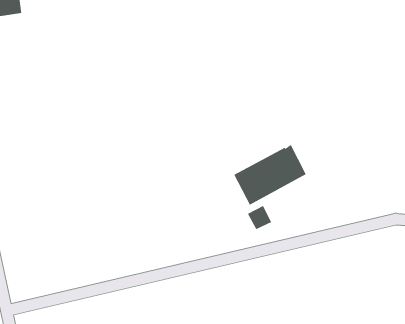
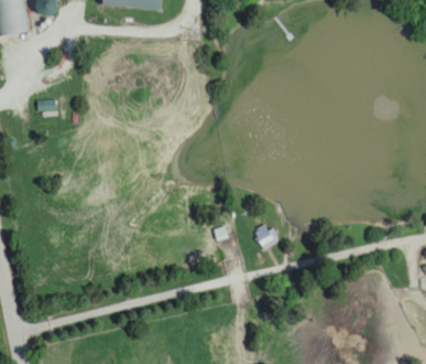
building: [233,144,307,206] -> none

